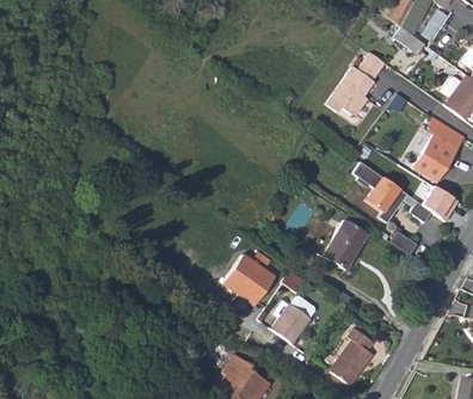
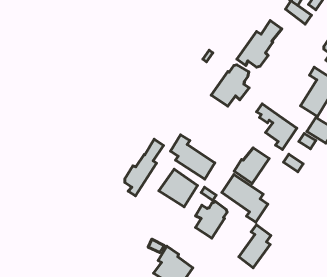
building: none -> [211,65,249,106]
building: none -> [170,135,215,179]
building: none -> [125,139,163,196]
building: none -> [222,175,268,222]

